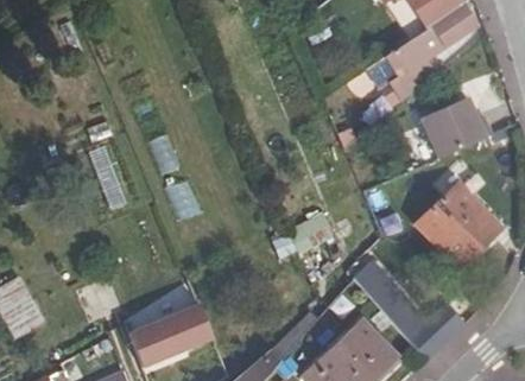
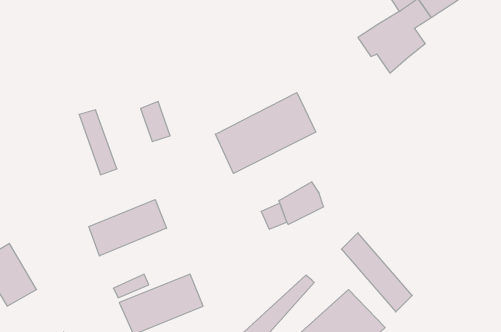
building: [419,95,491,157] -> none
building: none -> [215,93,316,173]
building: [416,184,500,271] -> none
building: none -> [89,200,167,256]

